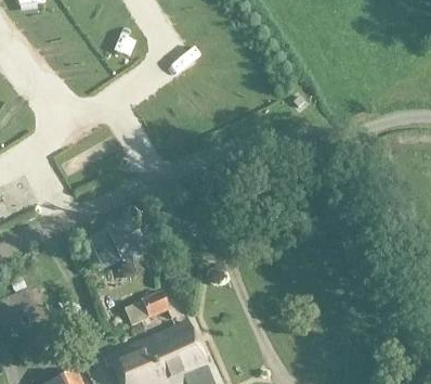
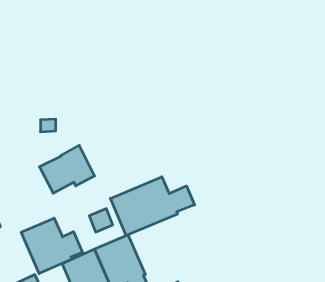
building: none -> [110,177,195,236]
building: none -> [21,218,83,274]

